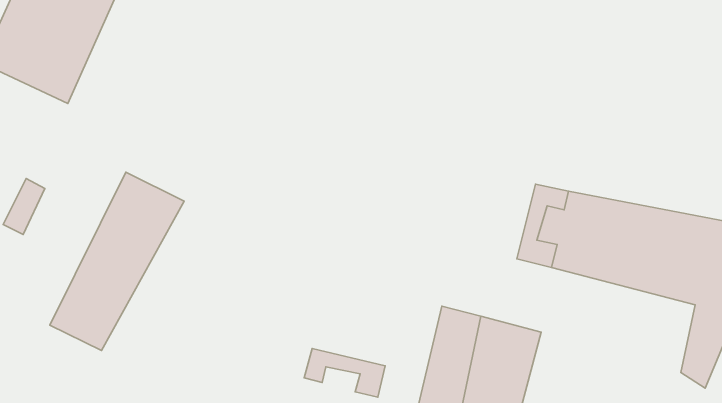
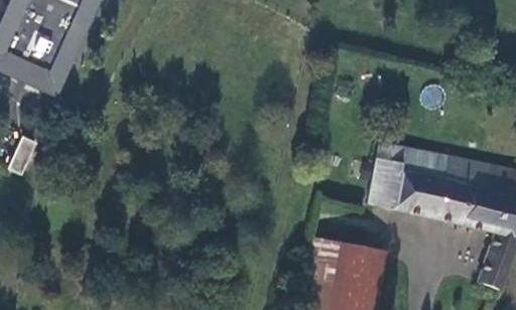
building: [50,172,184,351] -> none
building: [304,348,385,397] -> none

